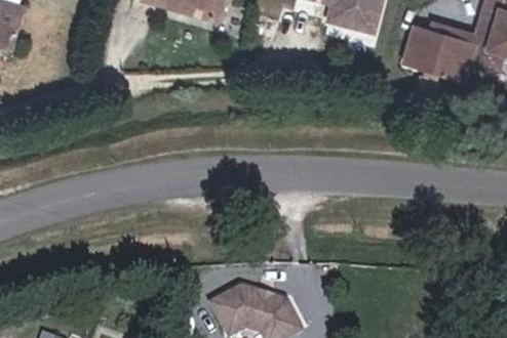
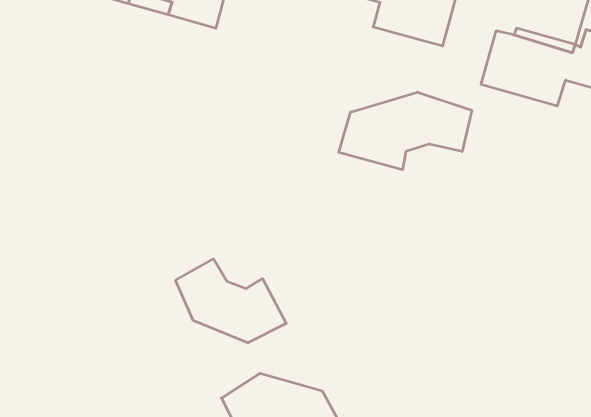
building: none -> [339,92,472,170]
building: none -> [176,259,286,343]

